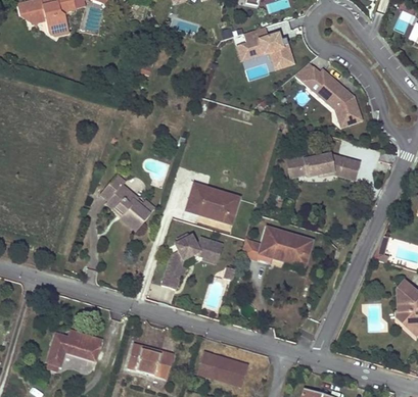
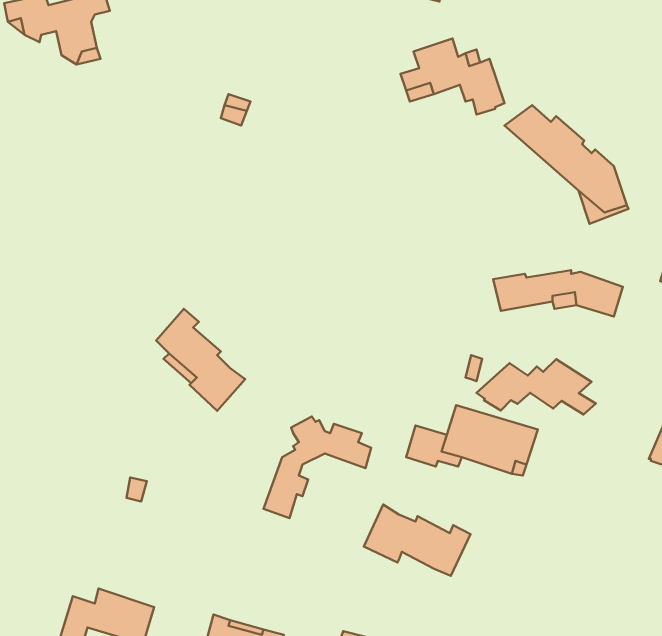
building: [186,184,239,221] -> none
building: none -> [477,359,596,415]
building: none -> [364,505,470,576]

